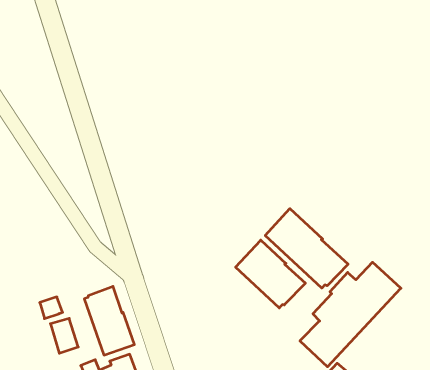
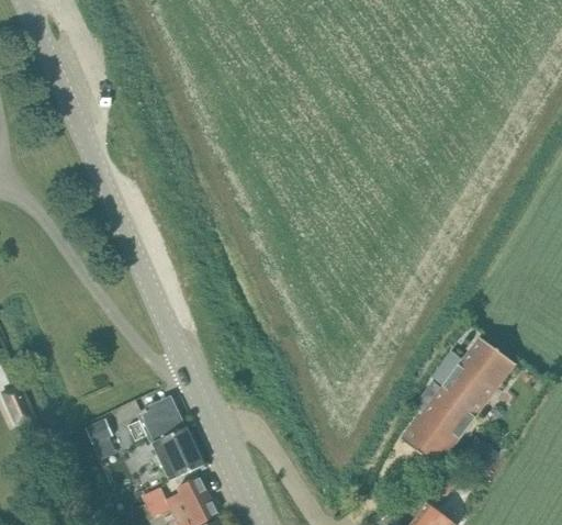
building: [265,209,348,288] -> none
building: [236,240,305,308] -> none

